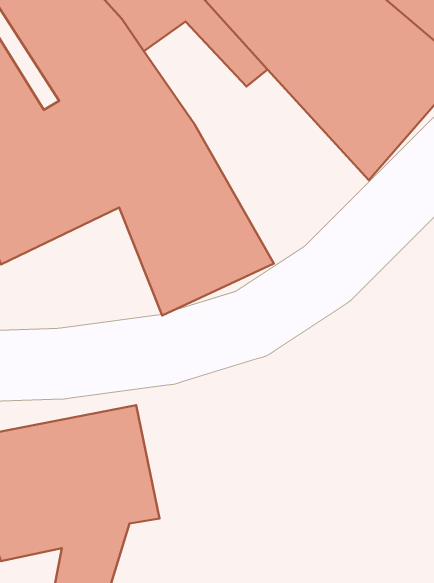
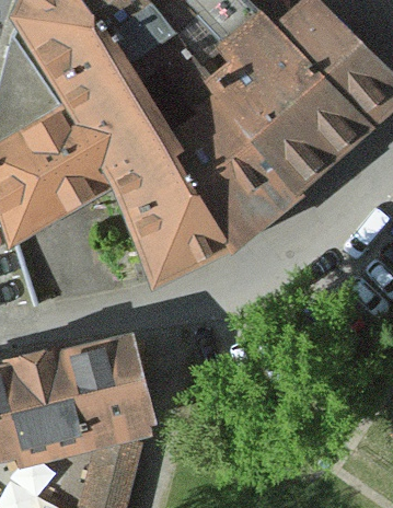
building: none -> [185,71,332,234]

